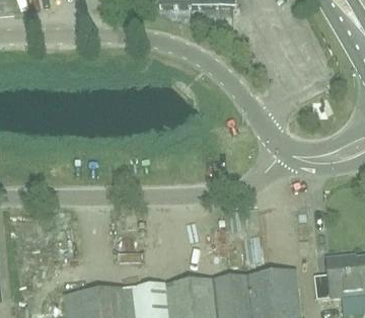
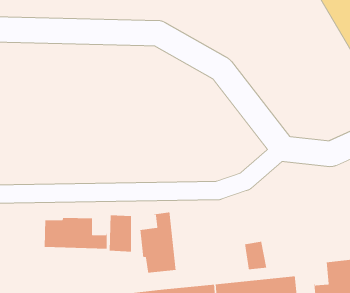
building: none -> [139,212,176,274]
building: none -> [44,217,108,250]

